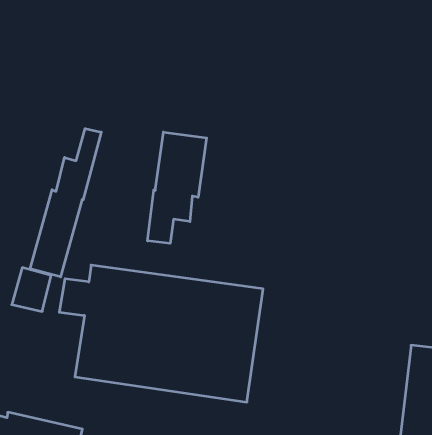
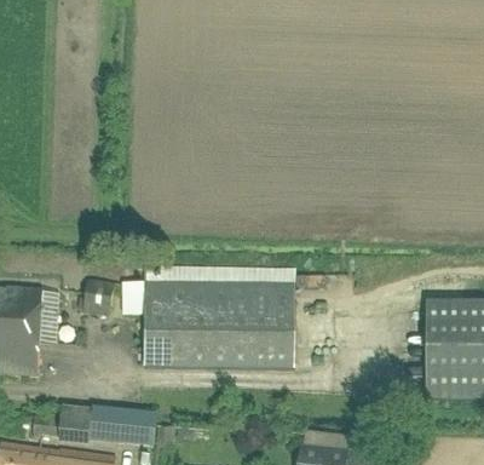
building: [30,129,101,277] -> none
building: [148,132,207,243] -> none

